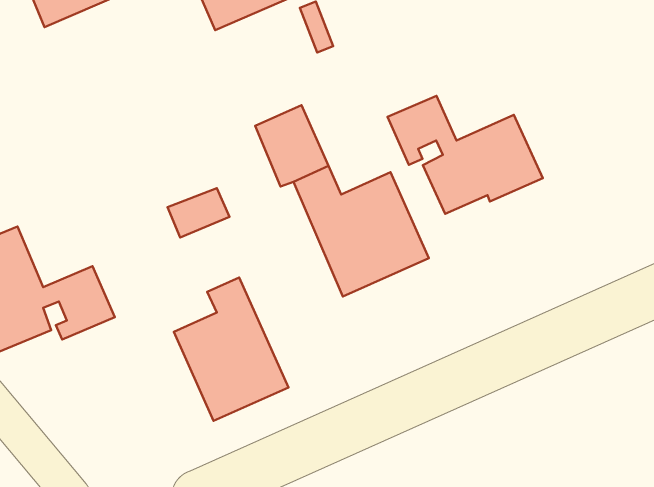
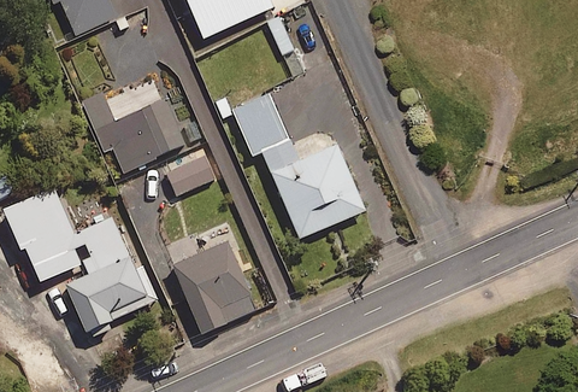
building: [388,96,543,214] -> none
building: none -> [82,94,184,175]
building: none -> [64,254,157,329]

